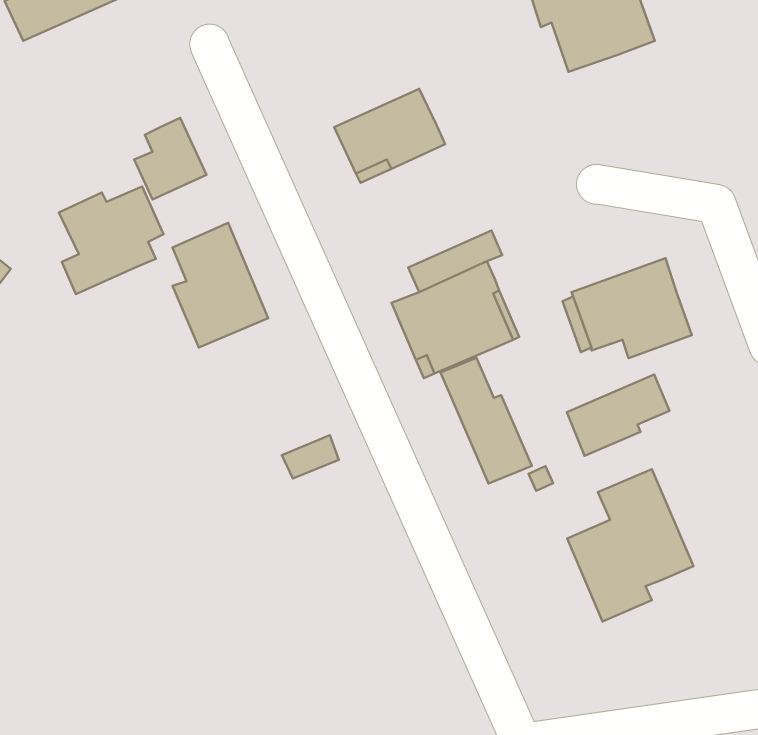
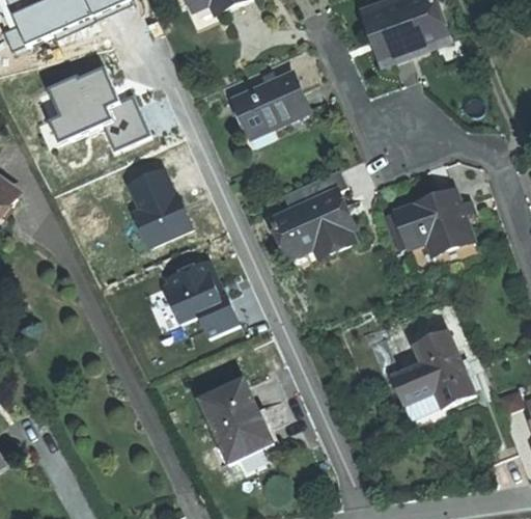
building: [59,186,164,294] -> [46,67,116,140]
building: [441,358,532,483] -> none
building: none -> [159,260,222,322]
building: [567,374,669,456] -> none
building: none -> [200,380,273,463]

